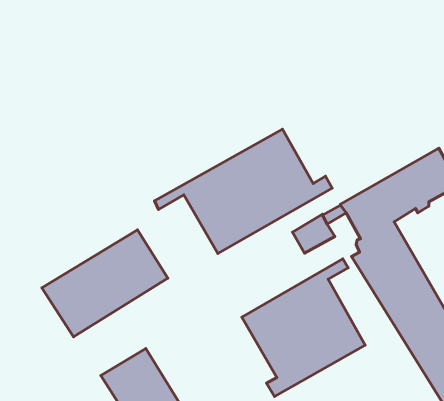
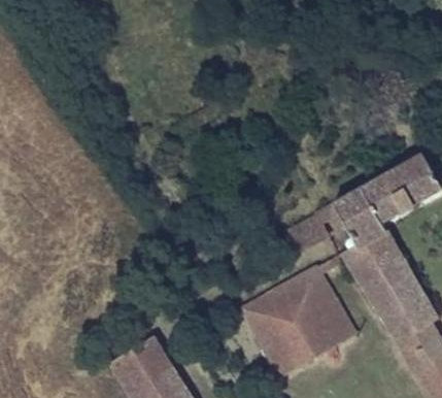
building: [154,129,332,253] -> none
building: [42,230,168,337] -> none

